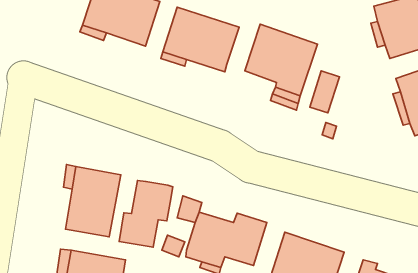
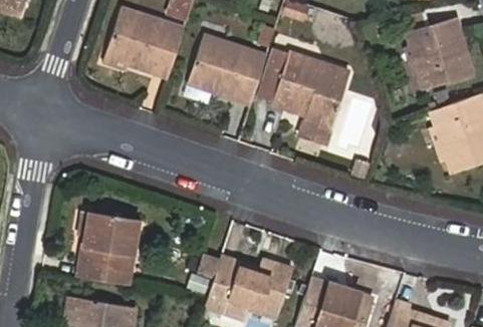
building: none -> [253,49,288,105]
building: [119,180,173,247] -> none

